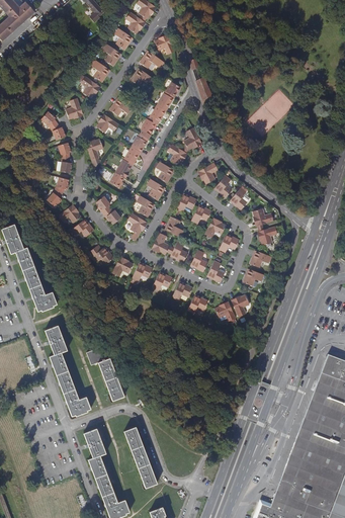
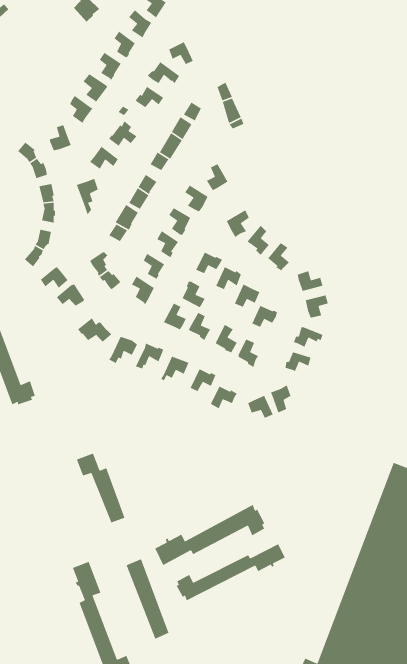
building: [45,325,90,415] -> none
building: none -> [154,504,266,566]
building: none -> [175,543,286,601]

